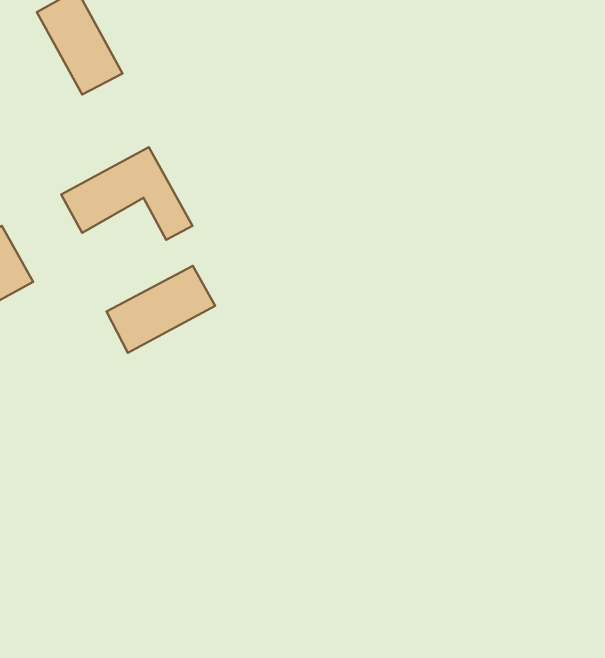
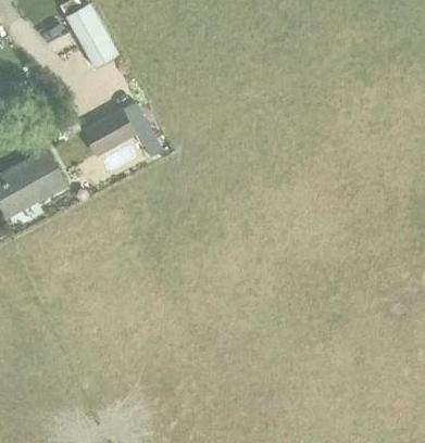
building: [107,266,215,353] -> none

